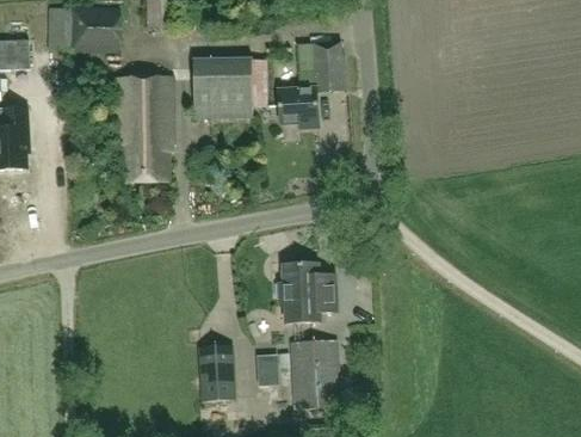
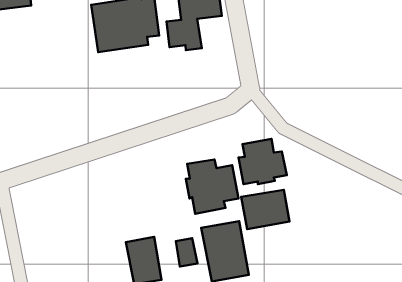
building: [116,75,173,181] -> none
building: none -> [239,139,287,184]
building: none -> [241,190,290,229]

